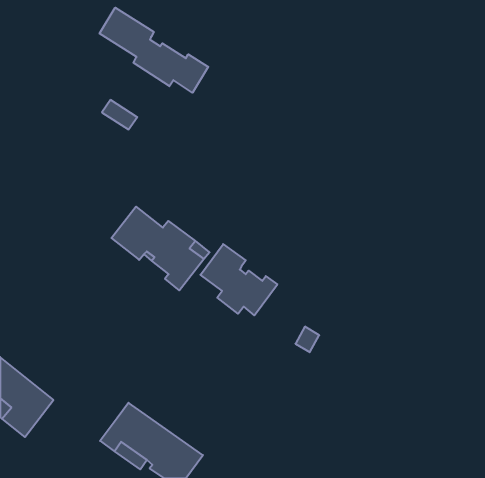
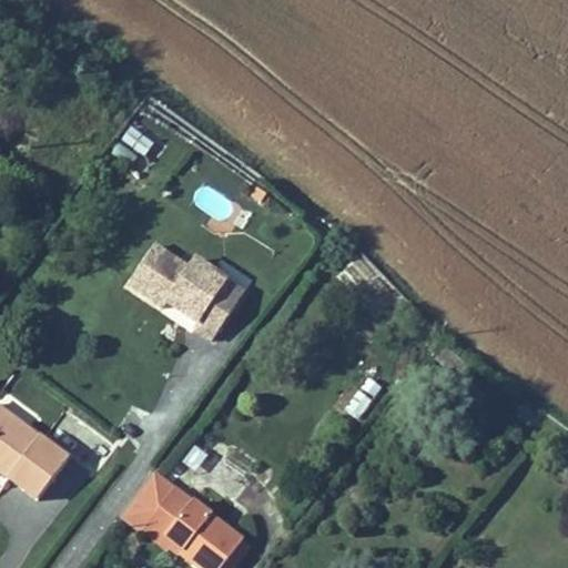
building: [100,8,208,93] -> none
building: [200,244,277,315] -> none

